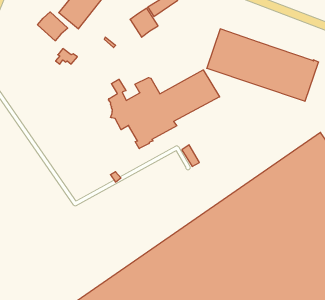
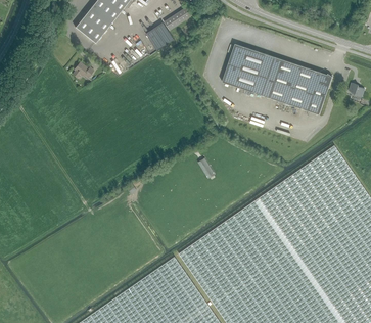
building: [38,12,68,41] -> none
building: [109,70,220,149] -> none

